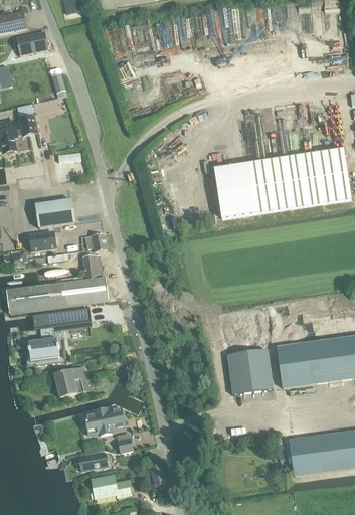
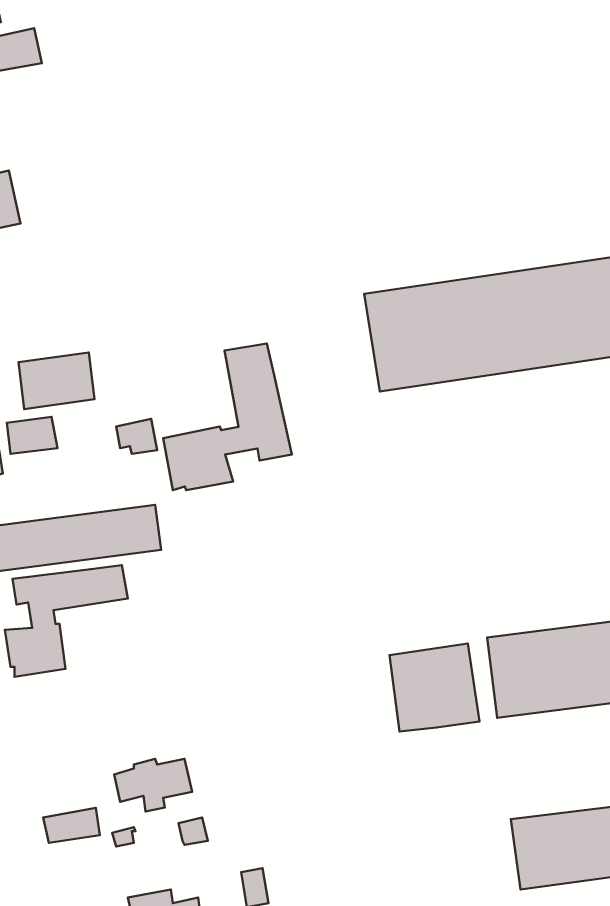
building: none -> [163,343,292,490]
building: [82,254,103,279] -> none
building: [54,367,88,396] -> none
building: [78,452,108,470] -> [43,808,100,843]

